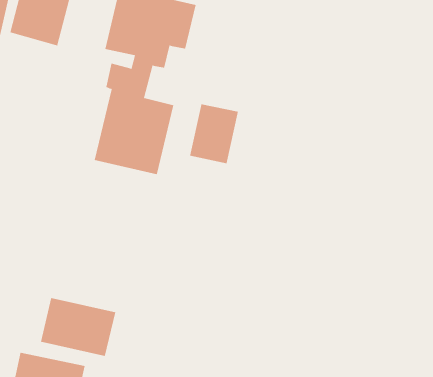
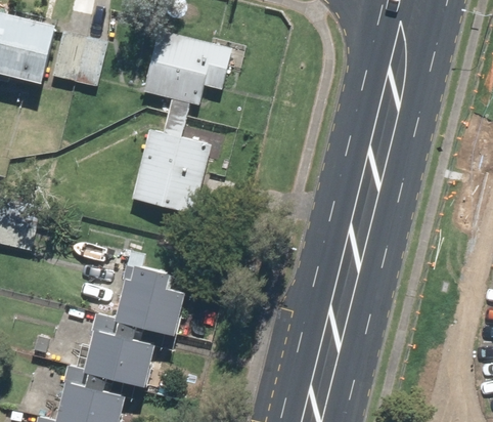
building: [190,104,238,164] -> none
building: none -> [117,249,182,333]

